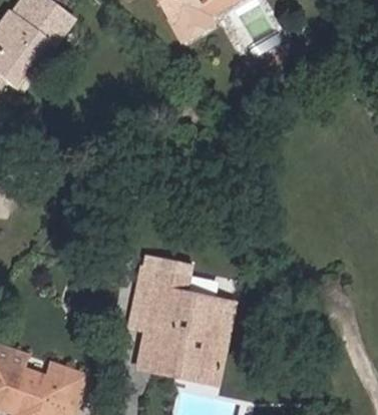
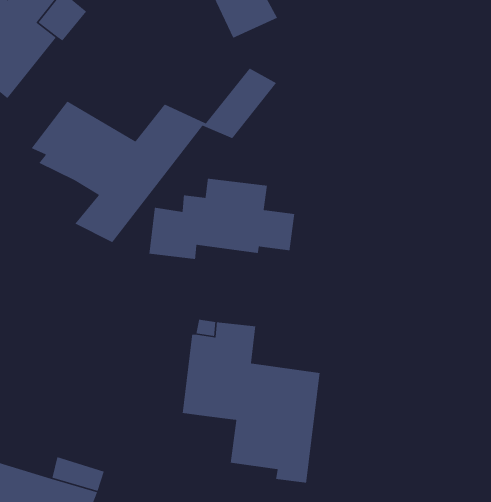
building: none -> [31,67,277,243]
building: none -> [149,178,295,260]
building: [149,325,208,371] -> none

